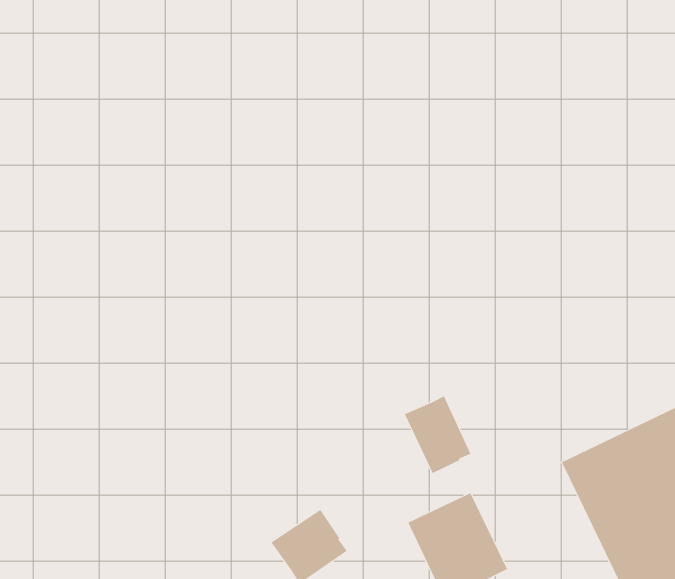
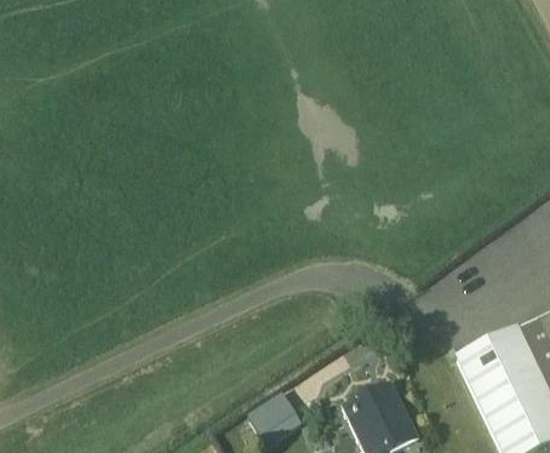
building: [404,395,471,474] -> none

